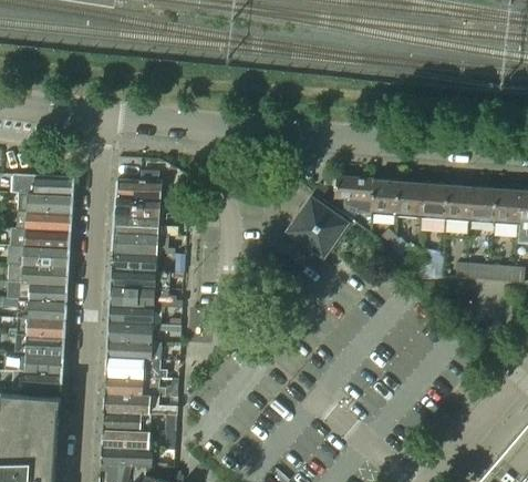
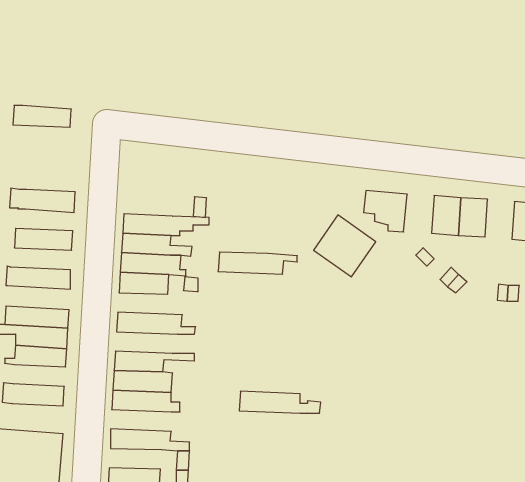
building: [115,181,161,201] -> none
building: [370,181,397,216] -> none
building: [444,185,470,222] -> none
building: [17,194,70,214] -> [13,105,71,127]
building: [9,228,68,249] -> none
building: [8,264,66,286] -> none
building: [110,270,182,290] -> [218,252,297,274]
building: [107,306,164,326] -> none
building: [14,336,62,356] -> none
building: [12,371,60,392] -> none
building: [103,377,177,397] -> [239,391,321,413]
building: [102,412,149,431] -> none

